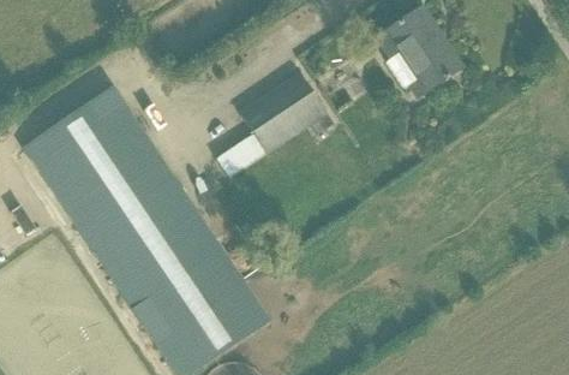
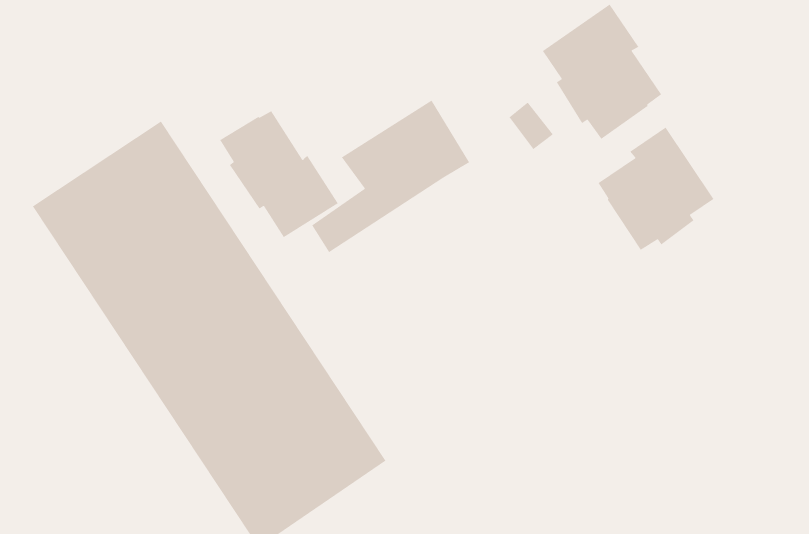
building: none -> [219,110,339,238]
building: none -> [598,127,714,251]

